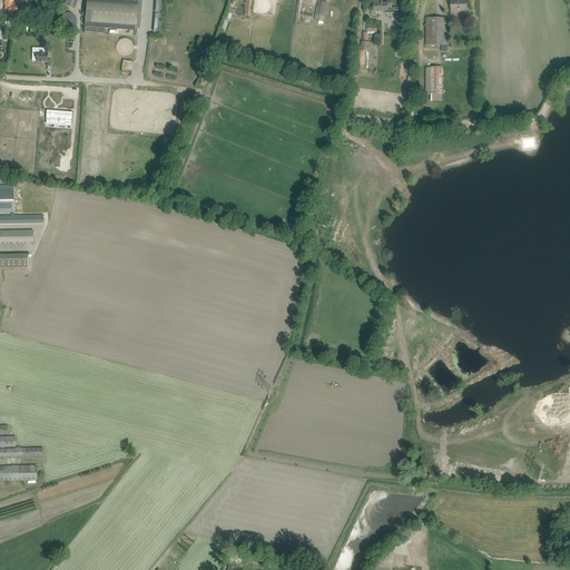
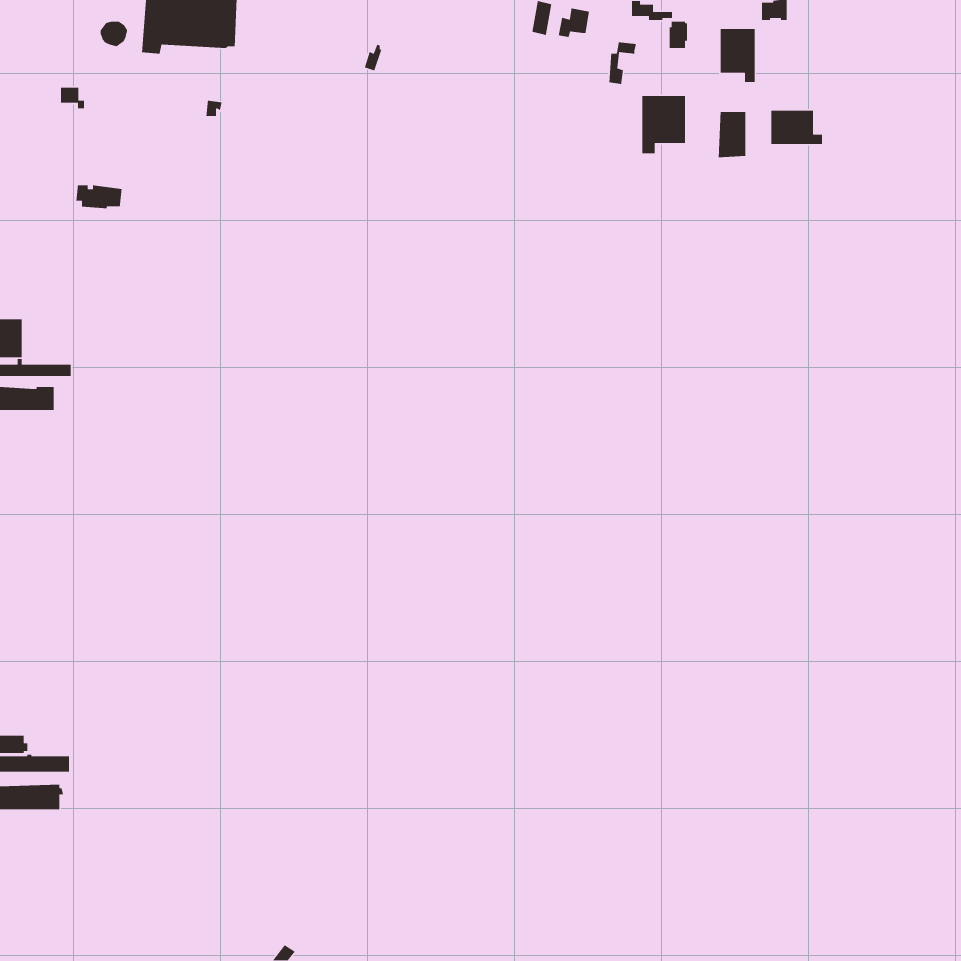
building: none -> [642,95,686,154]
building: none -> [771,110,823,145]

